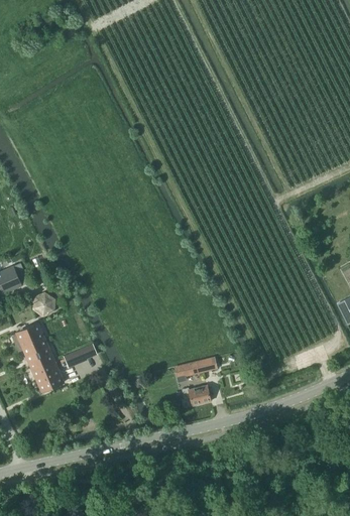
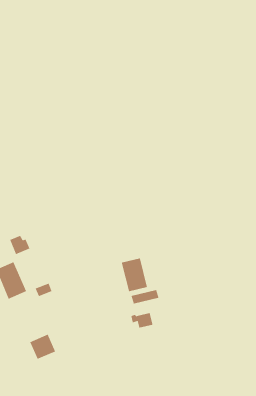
building: none -> [121,257,148,292]
building: [31,360,65,392] -> [29,334,56,360]

